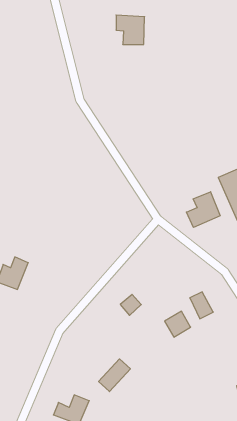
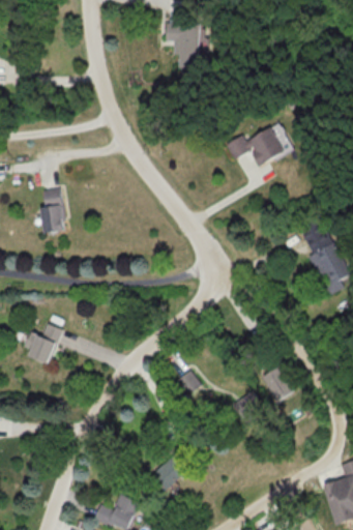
building: none -> [225,128,282,166]
building: none -> [35,189,65,234]
building: [186,192,220,227] -> none

